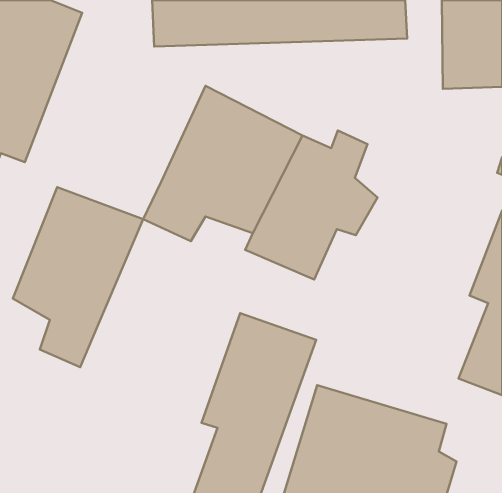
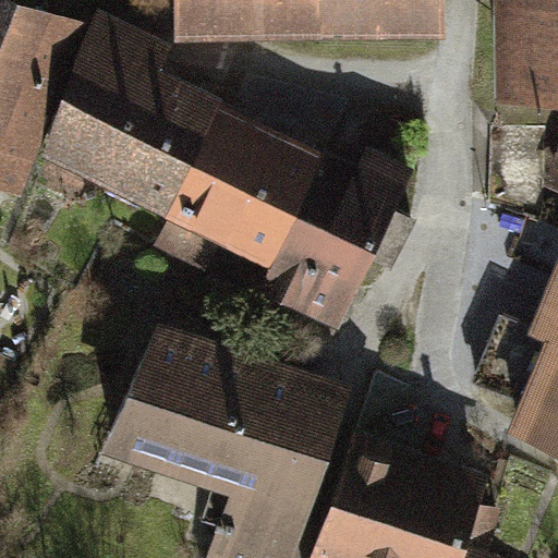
building: none -> [52,38,226,214]
building: [13,187,143,367] -> none
building: none -> [122,324,265,480]

